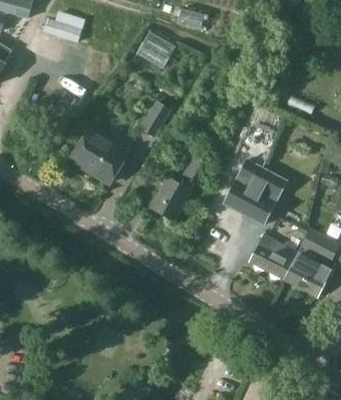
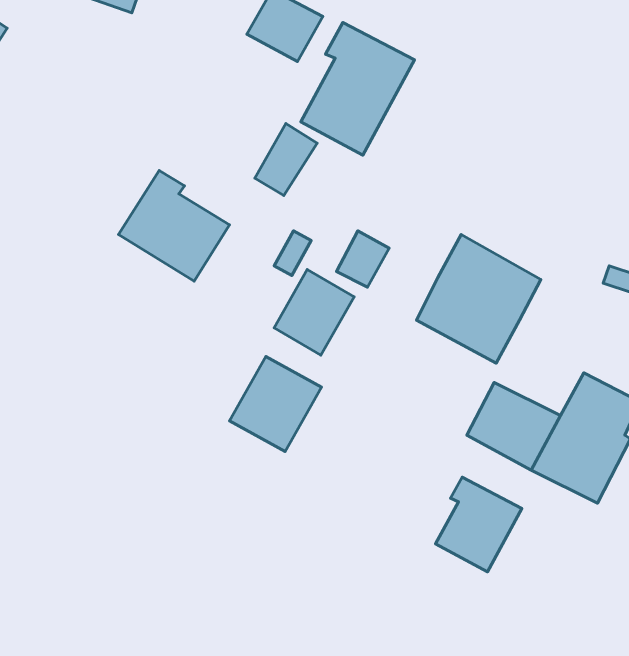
building: none -> [301,23,415,155]
building: none -> [230,357,321,451]
building: none -> [436,477,522,572]

